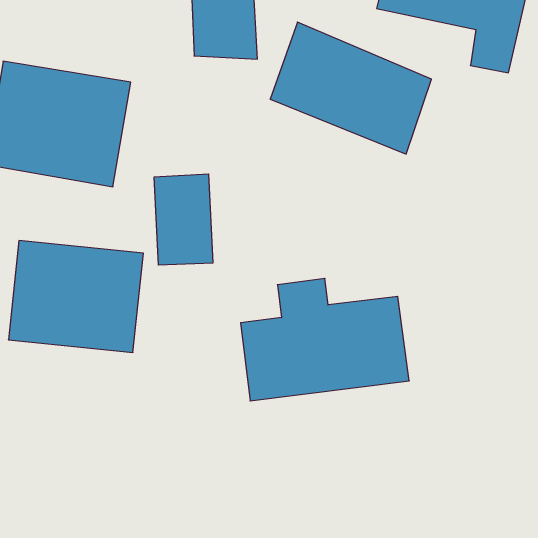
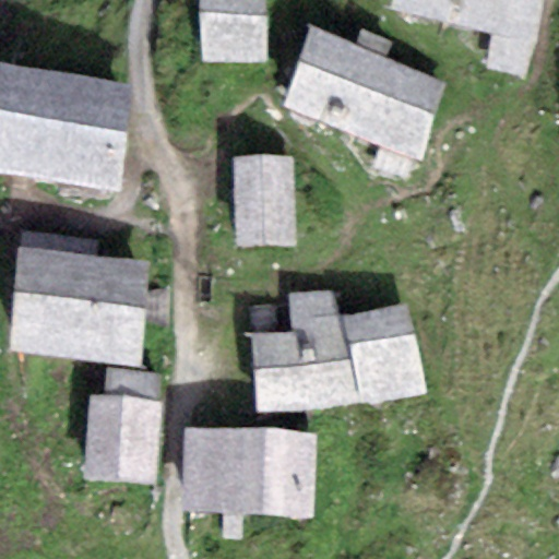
building: [154,174,213,265] -> [235,152,296,246]
building: none -> [83,369,163,485]
building: none -> [180,426,313,516]

